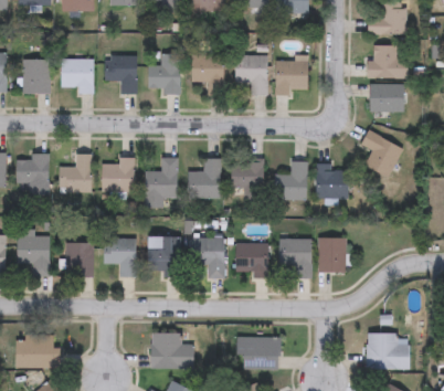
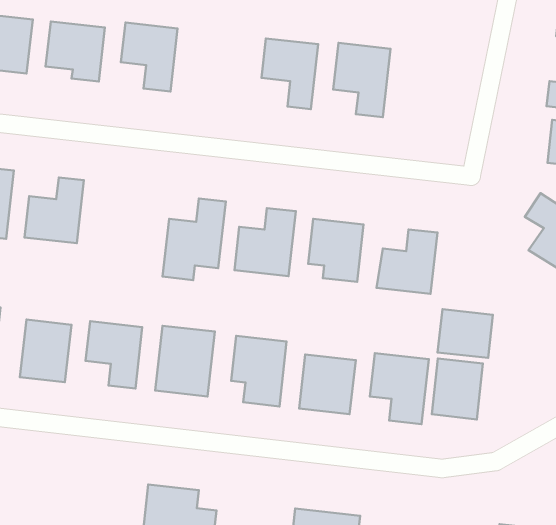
building: [147,54,180,94] -> none
building: [275,56,308,95] -> none
building: [102,158,134,192] -> none
building: [317,171,348,198] -> [438,309,493,358]

